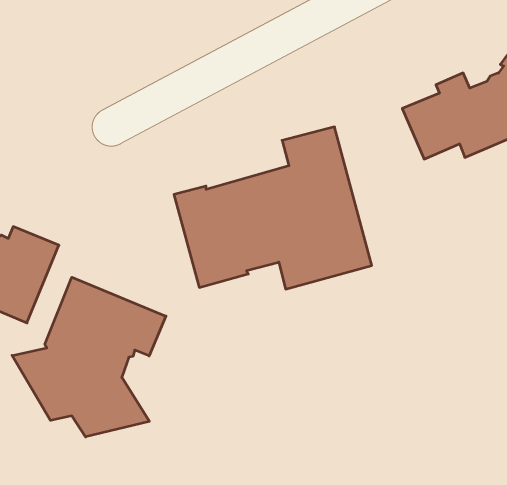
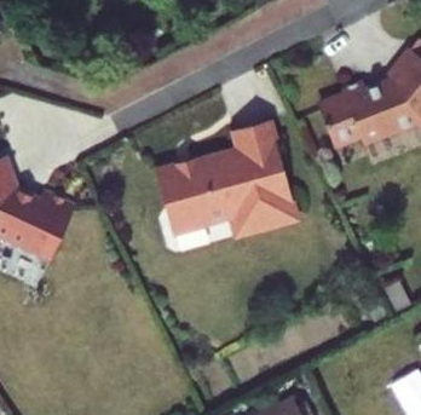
building: [12,277,166,437] -> none

